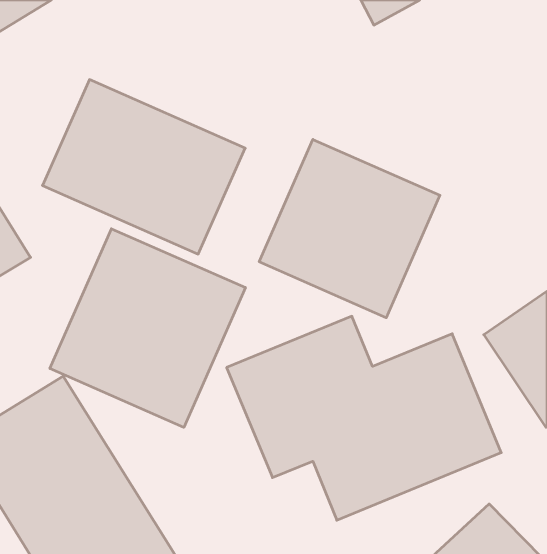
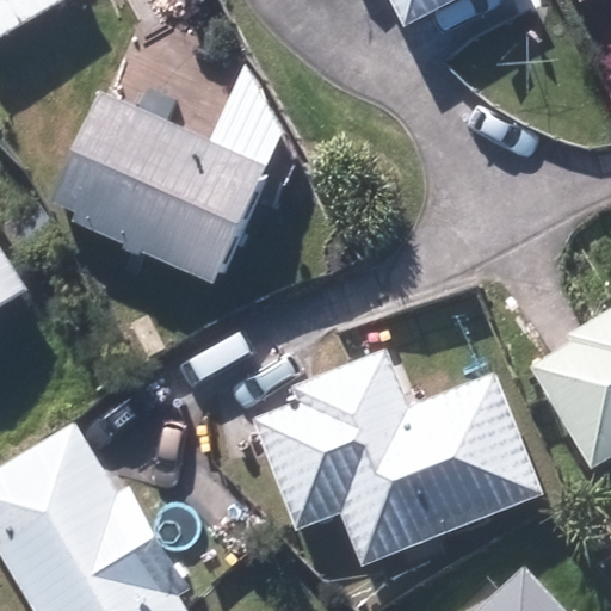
building: [259,139,440,318] -> none
building: [50,229,245,427] -> none

